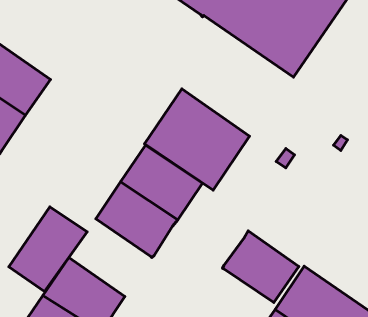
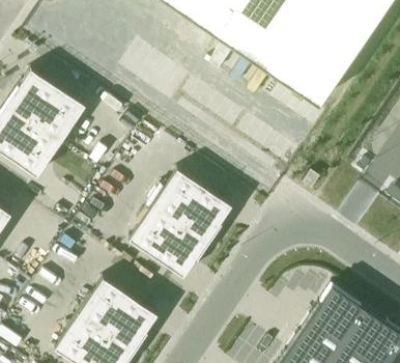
building: [144,89,250,190] -> none
building: [9,207,87,291] -> none
building: [223,231,299,303] -> none

